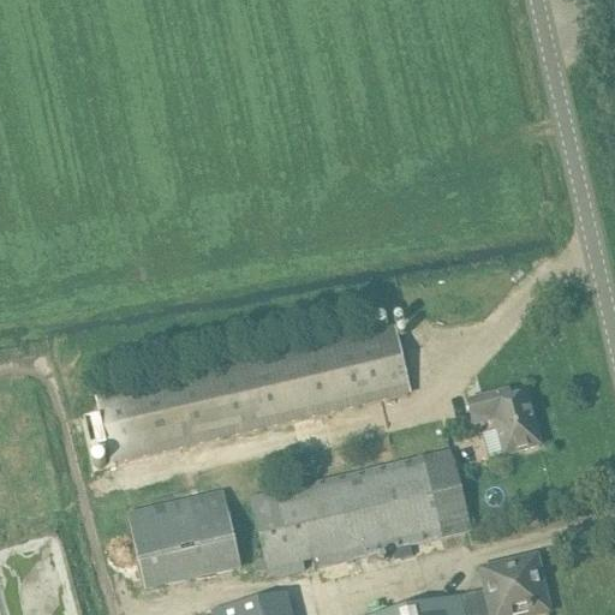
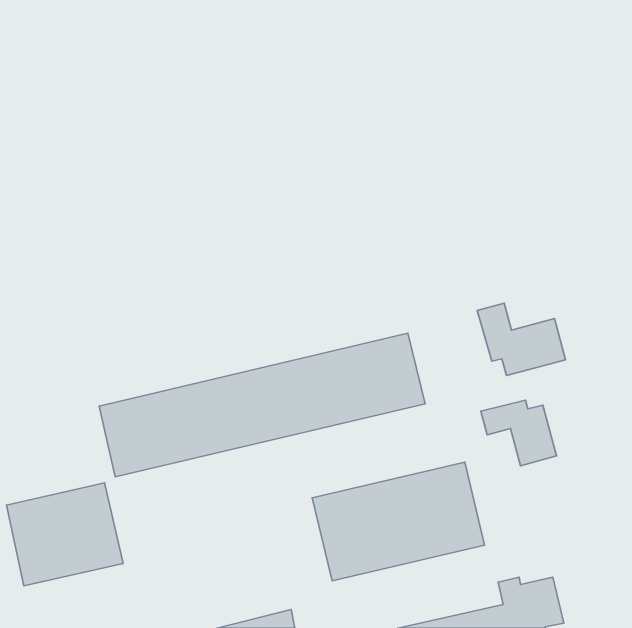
building: none -> [477,303,565,376]
building: [252,483,323,575] -> none
building: [130,489,243,589] -> [7,483,123,586]

